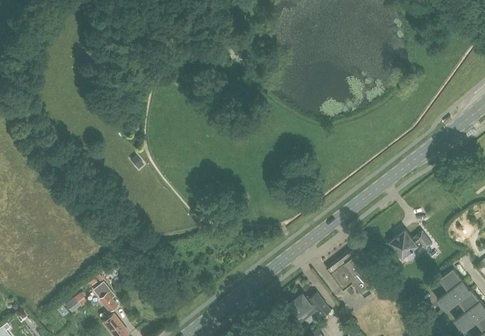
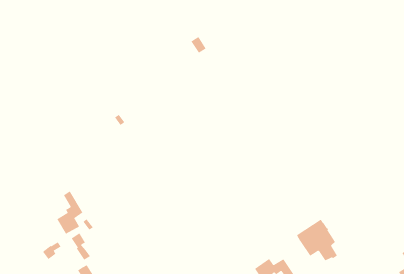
building: [389,230,432,262] -> none
building: none -> [57,191,83,234]

